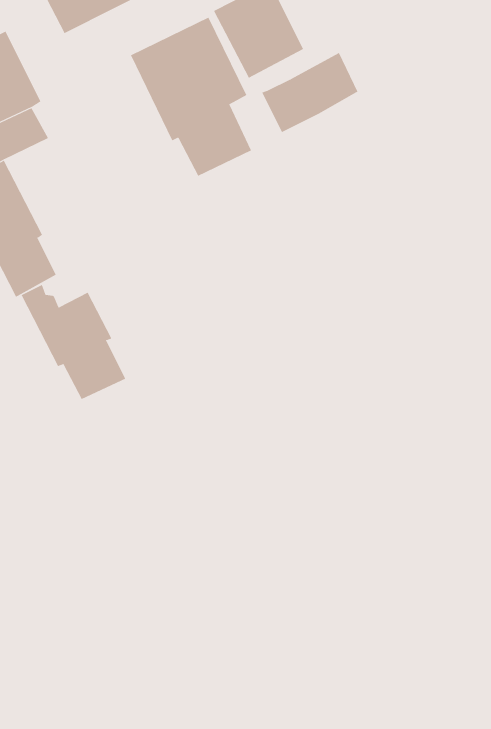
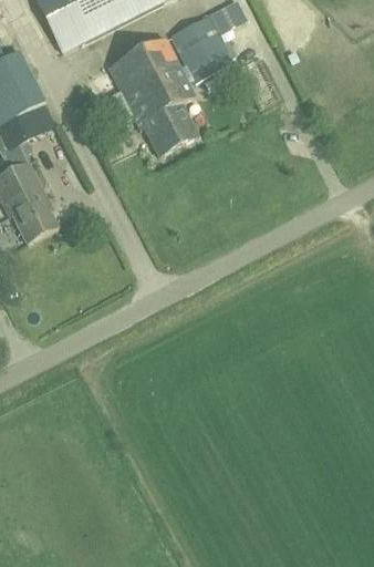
building: [261,52,358,133] -> none
building: [21,284,127,400] -> none

